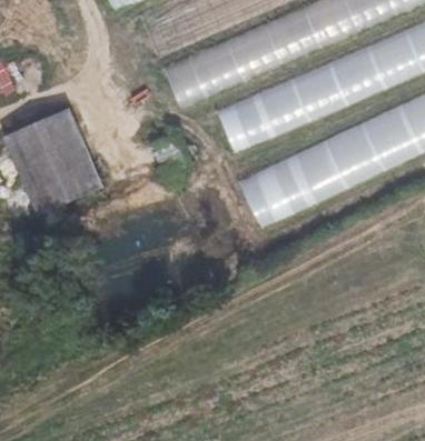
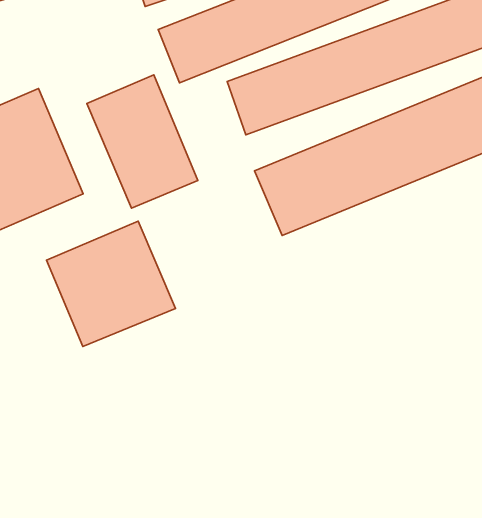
building: none -> [87,75,198,208]
building: none -> [47,221,175,347]

